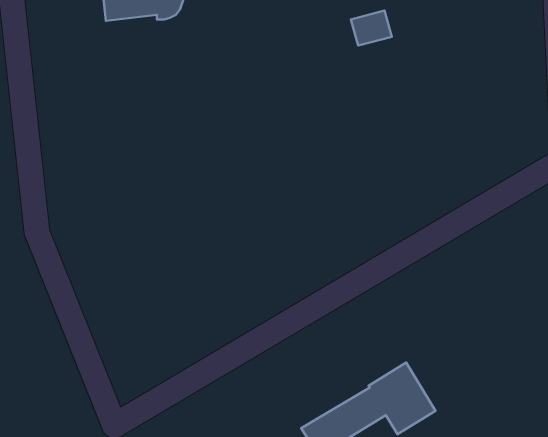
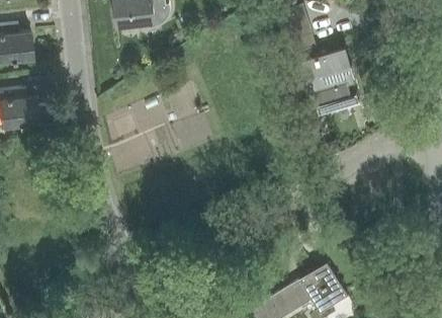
building: none -> [304,50,358,109]

